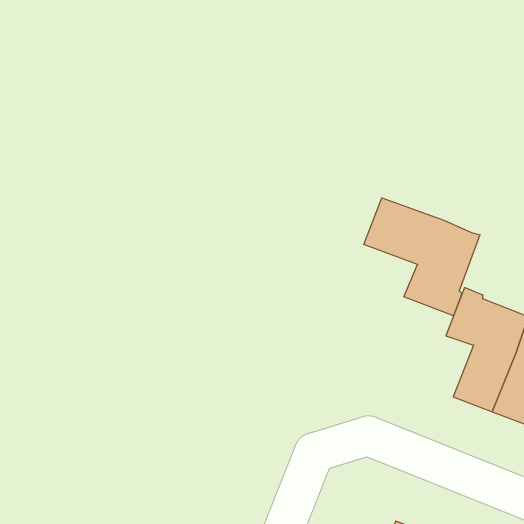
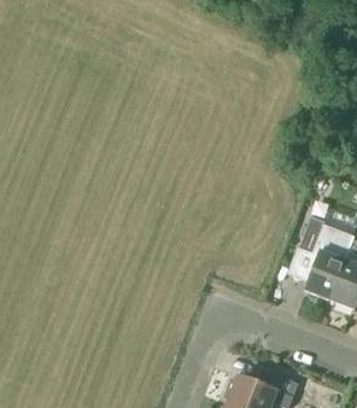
building: [364,198,480,316] -> none

